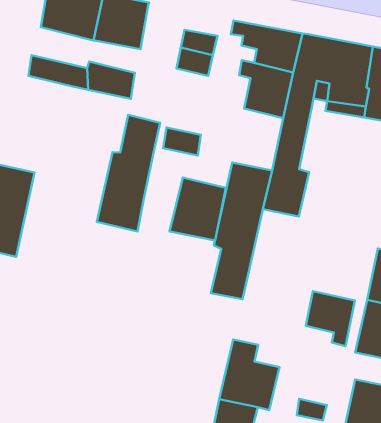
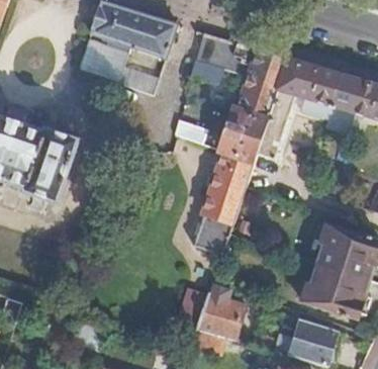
building: [97,115,160,232] -> none
building: [170,178,226,240] -> [220,108,266,158]
building: [306,291,355,346] -> none

